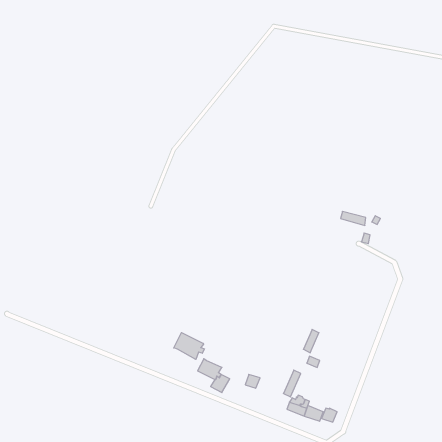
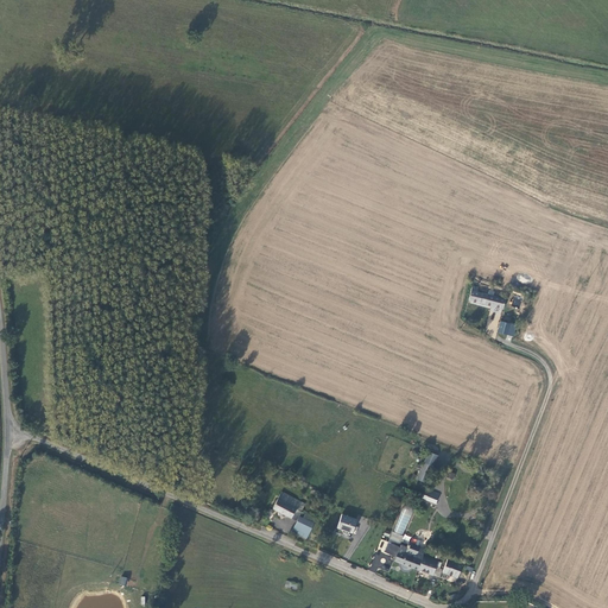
building: [174,333,204,359] -> none

